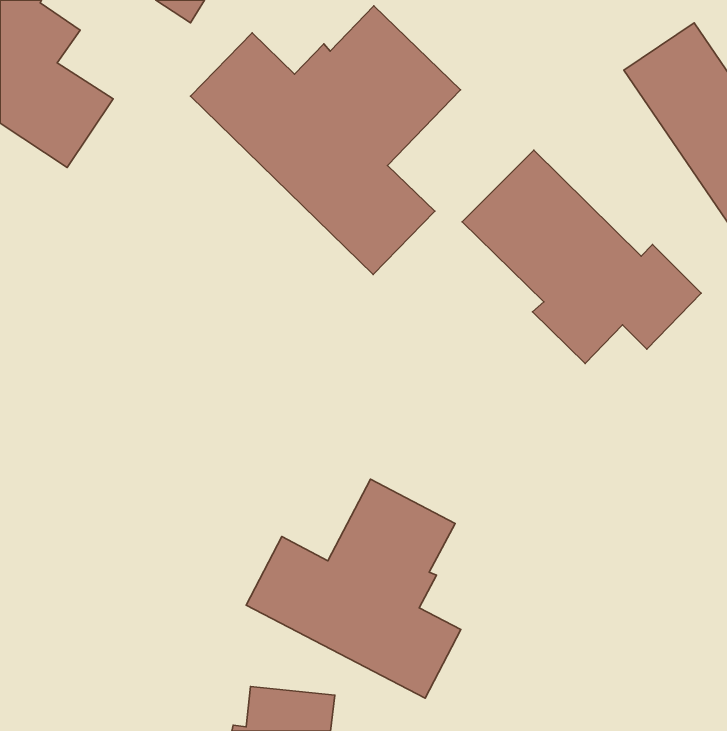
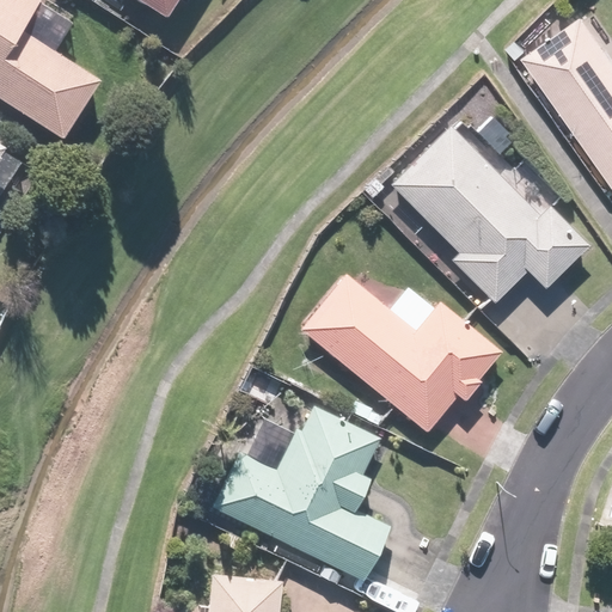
building: [190,6,461,274] -> none
building: none -> [298,275,506,435]

